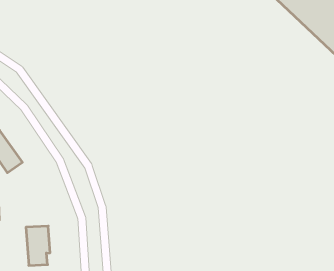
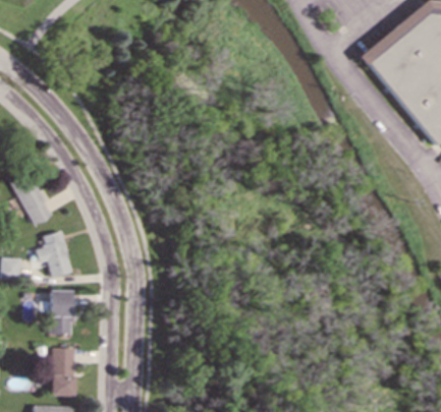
building: none -> [37,231,72,278]

